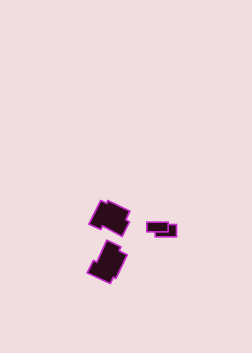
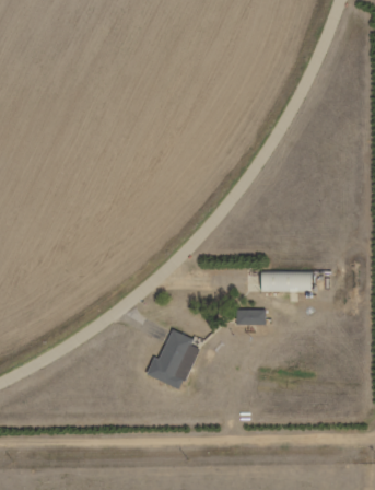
building: none -> [259,271,313,293]
building: [89,201,130,236] -> none

